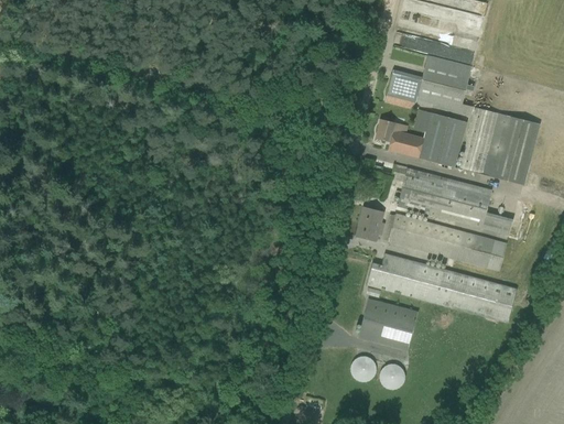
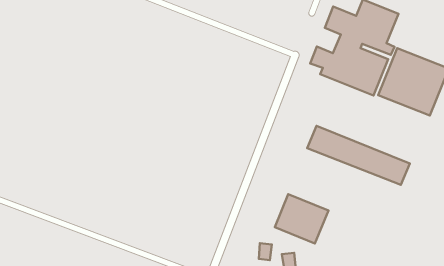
building: [391,163,514,233] -> none
building: [356,206,386,240] -> none
building: [369,253,519,322] -> none

